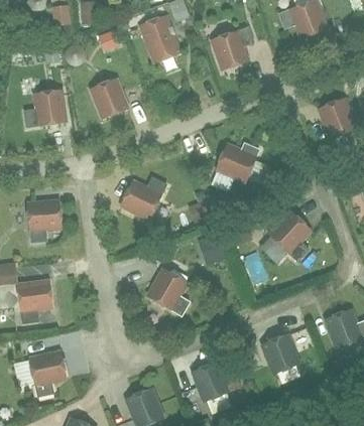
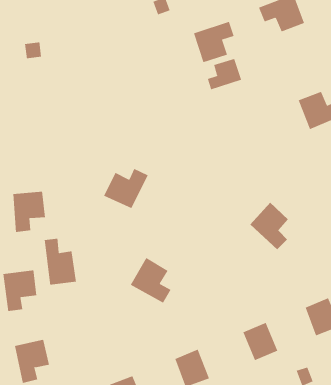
building: [138,15,179,61] -> none
building: none -> [207,58,242,90]
building: [91,78,127,117] -> none
building: [24,89,66,126] -> none
building: [216,141,259,179] -> none
building: none -> [44,238,76,285]

